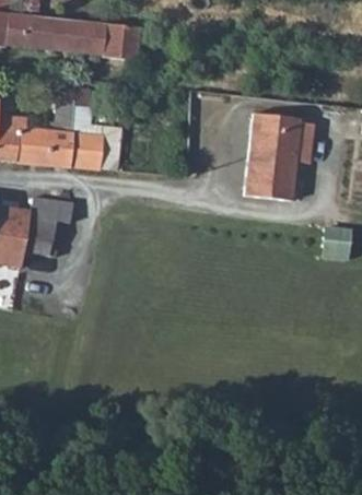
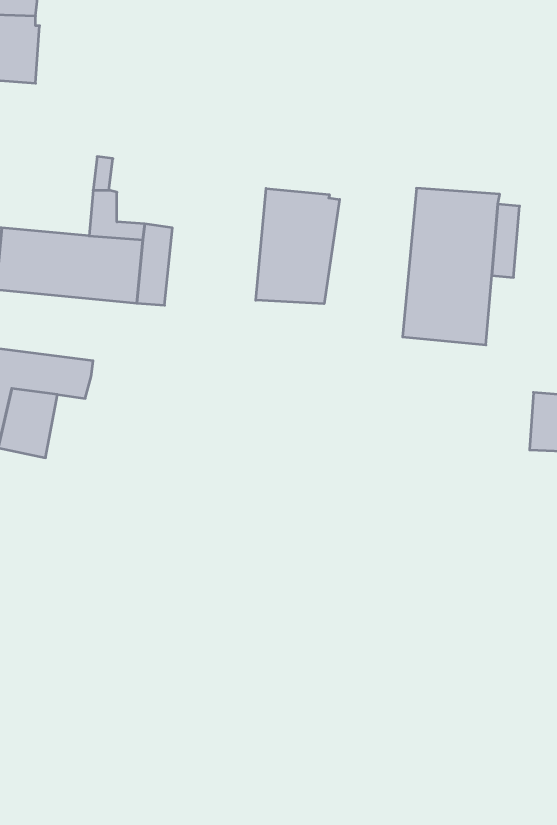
building: [45,19,144,63] -> none
building: none -> [256,188,340,304]

